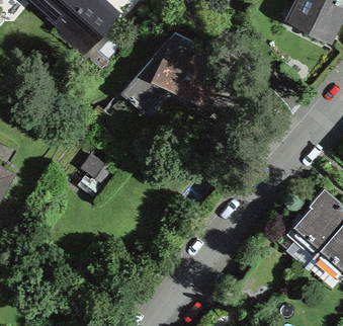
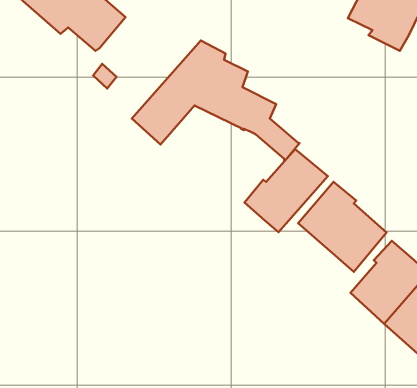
building: none -> [244,149,328,232]
building: none -> [298,182,387,272]

